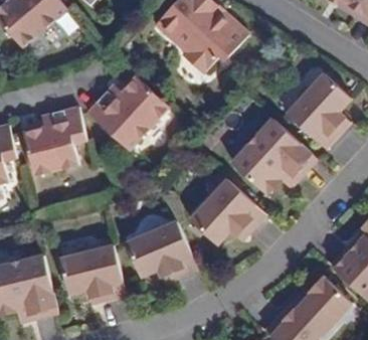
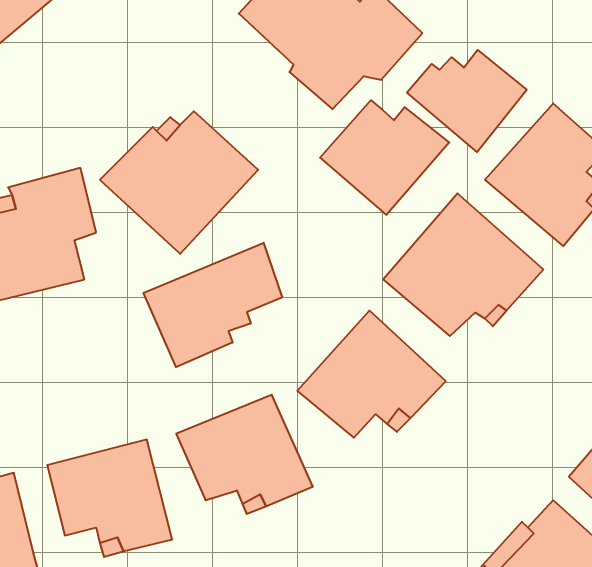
building: none -> [407,50,527,152]
building: none -> [320,100,449,215]
building: none -> [144,243,282,367]

